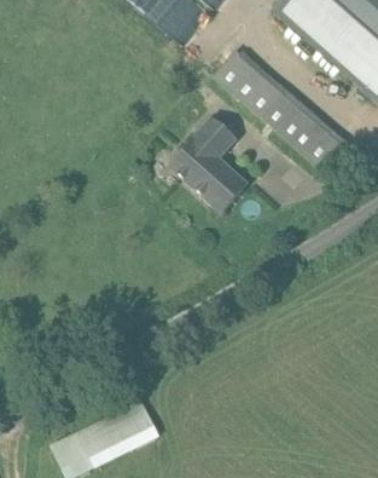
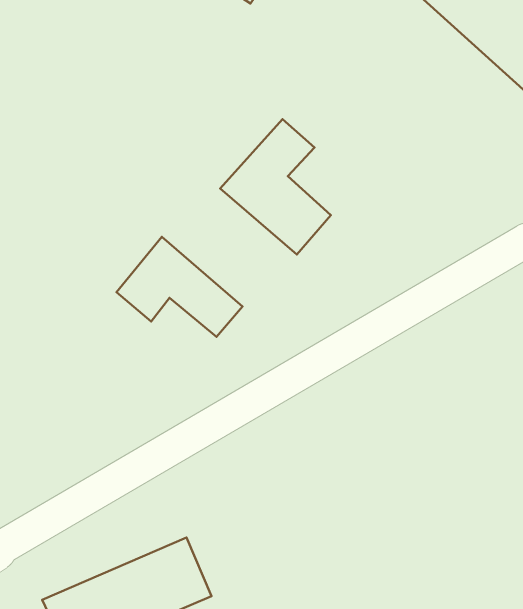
building: [215,51,341,167] -> none
building: none -> [116,237,242,337]

